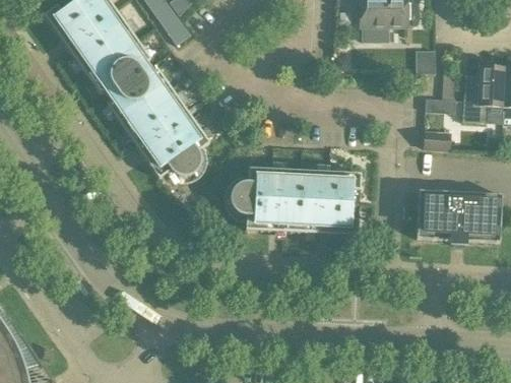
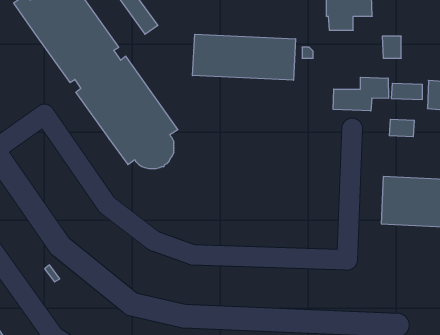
building: none -> [193,34,296,80]
building: none -> [333,77,389,111]
building: [227,168,363,235] -> none

